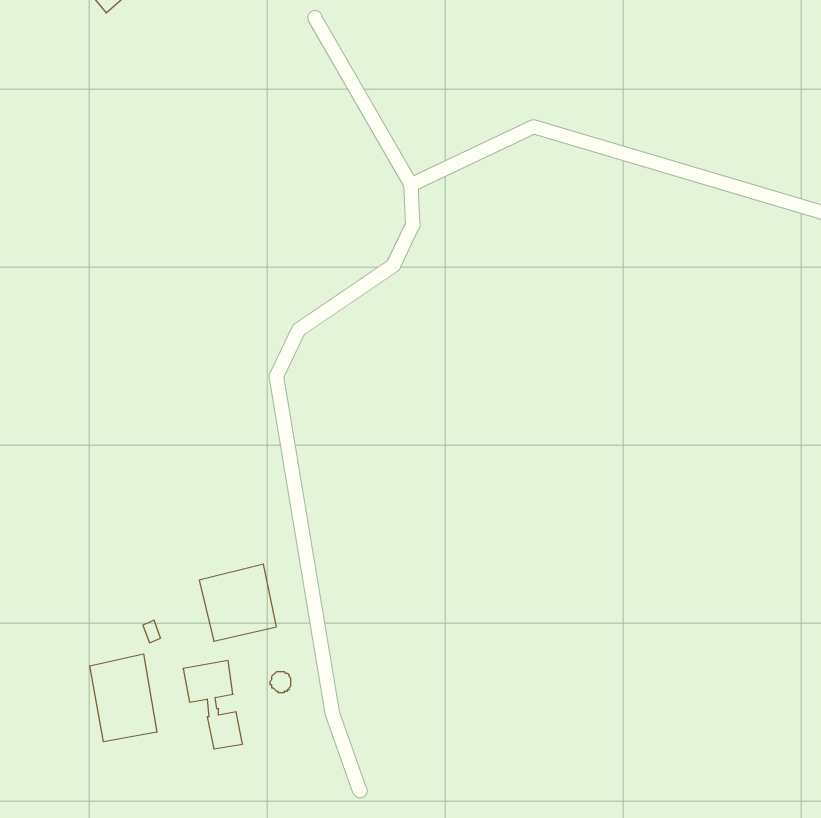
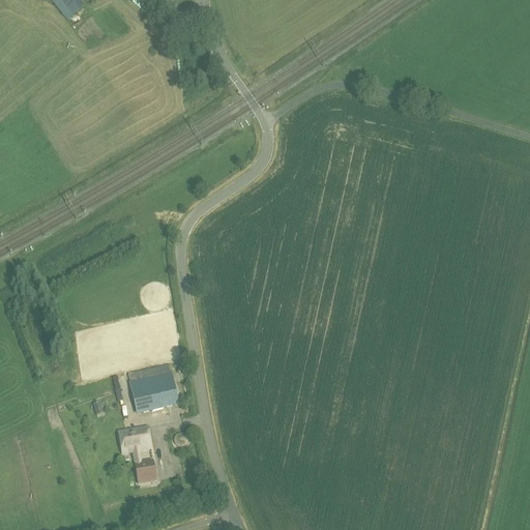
building: [90,654,157,742] -> none

